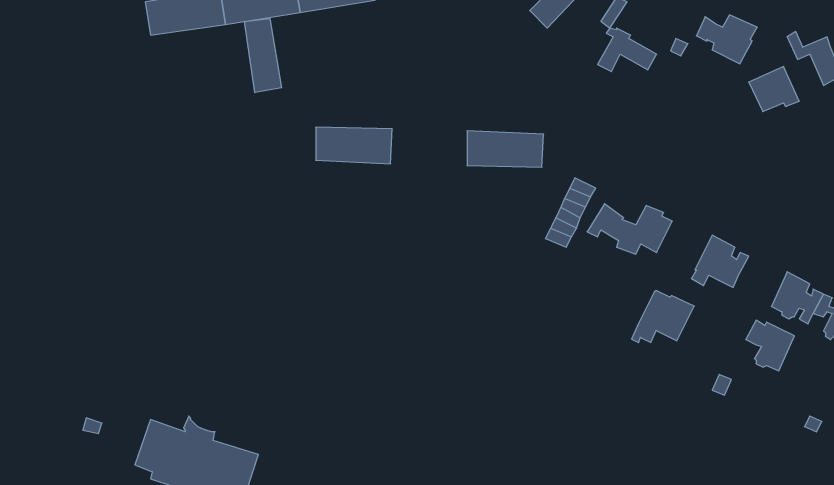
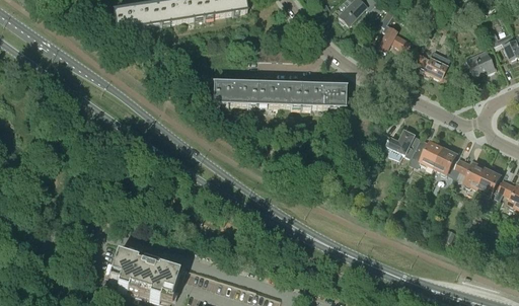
building: [696,15,757,64] -> [415,51,450,79]
building: [244,18,282,93] -> none
building: none -> [256,85,301,106]
building: [632,290,694,343] -> [407,138,444,168]
building: [746,320,794,371] -> [459,159,488,188]

